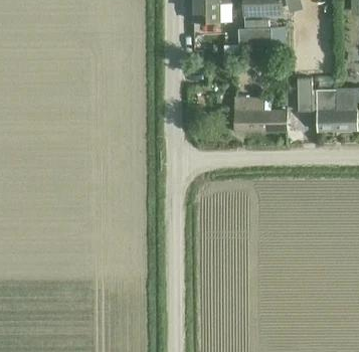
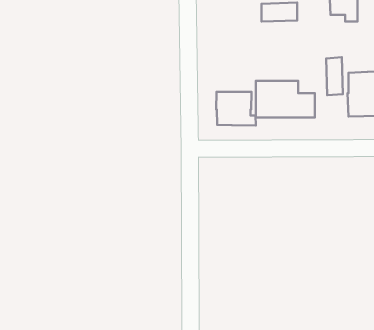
building: none -> [216,92,256,126]

